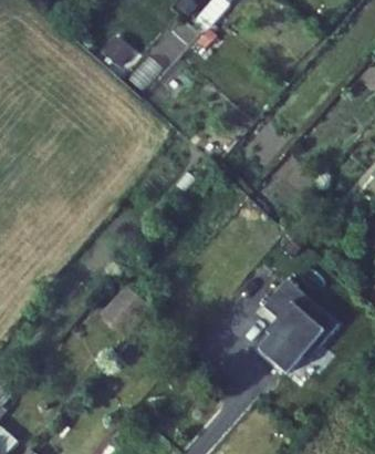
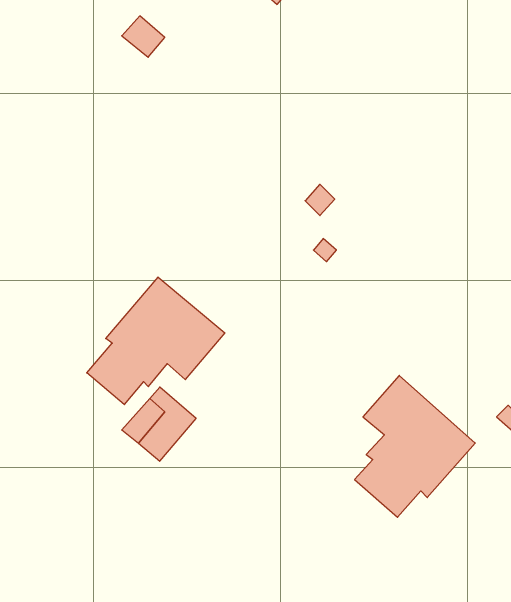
building: none -> [87,277,225,405]

